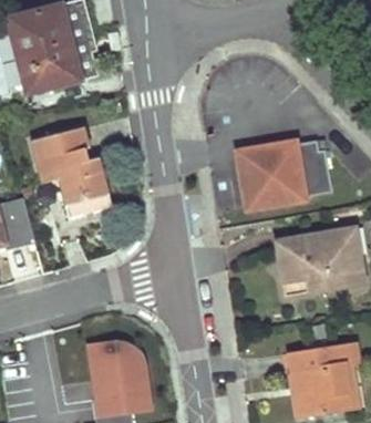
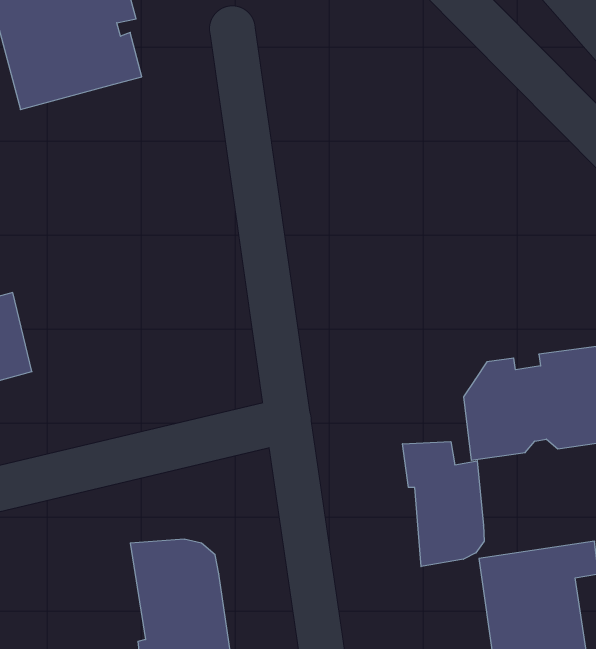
building: [28,128,107,217] -> none
building: [245,142,330,205] -> none
building: none -> [403,442,484,567]

